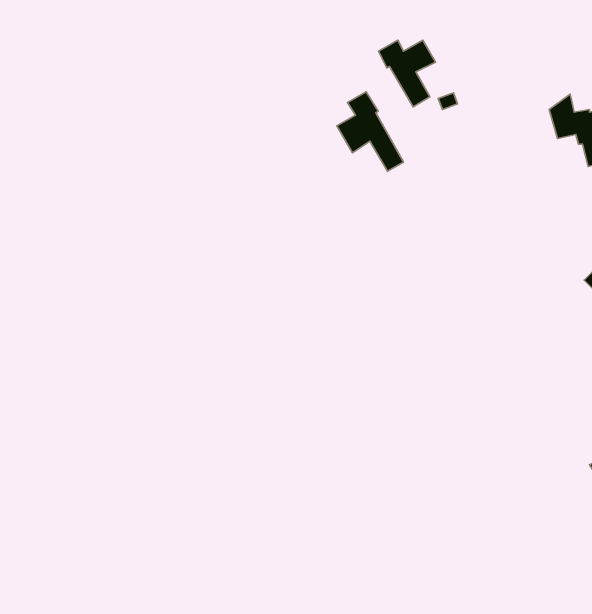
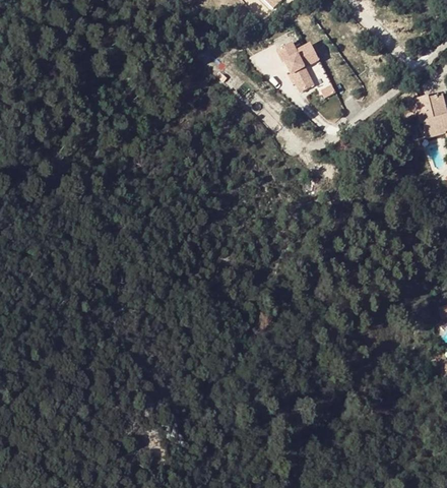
building: [337,92,404,171] -> none

